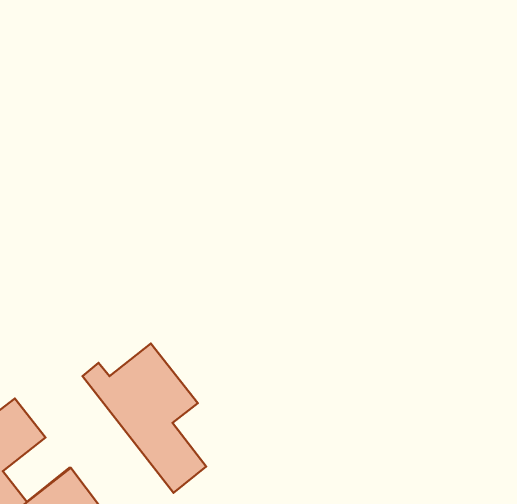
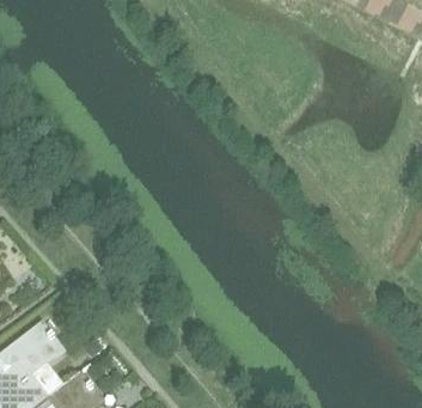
building: [82,343,206,493] -> none

